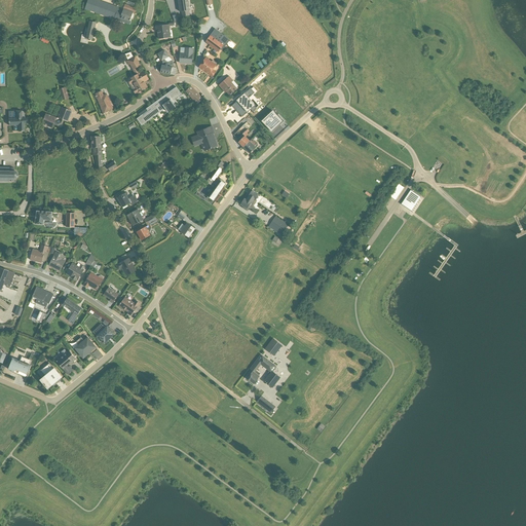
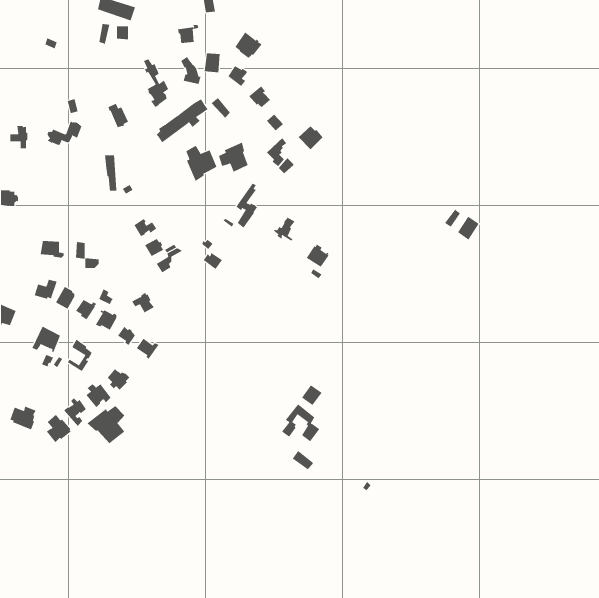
building: none -> [185,145,217,182]
building: none -> [87,405,125,444]

